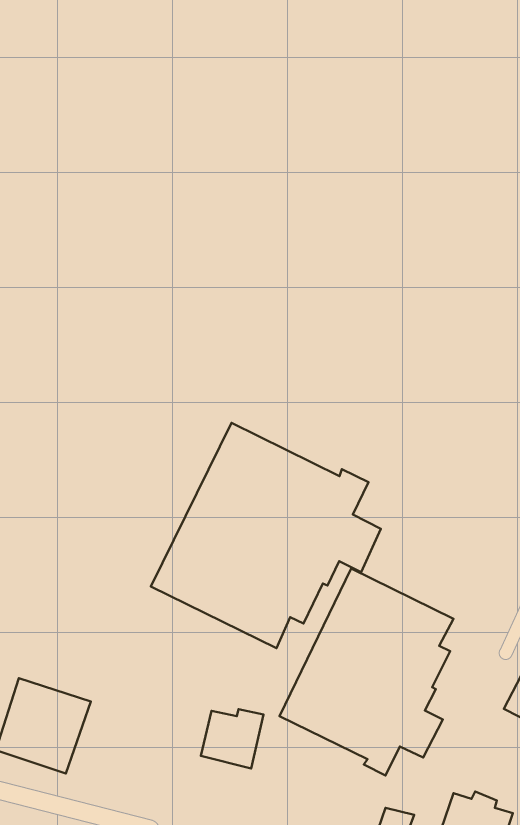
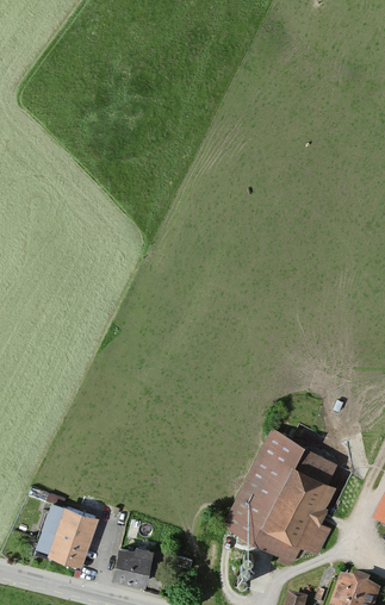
building: [151,423,381,648] -> none
building: [201,709,264,768] -> [110,544,151,584]

